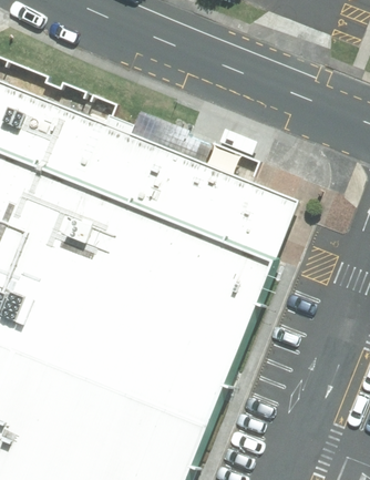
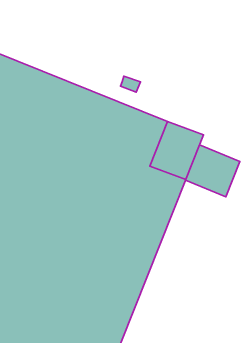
building: none -> [186,145,240,197]

